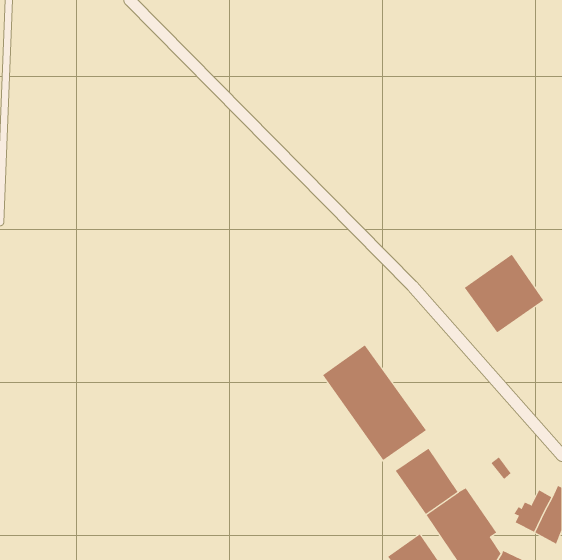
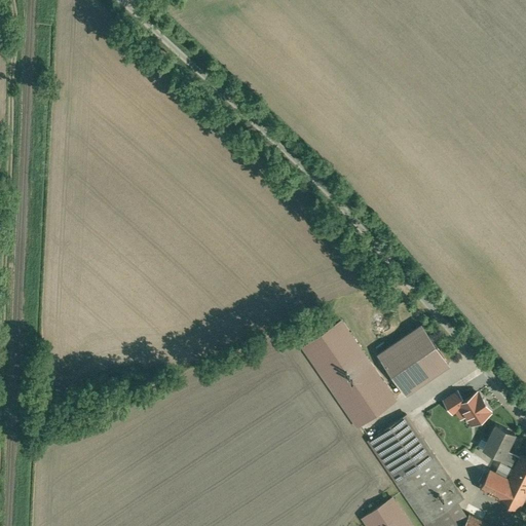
building: [464,254,544,333] -> [371,322,446,396]
building: none -> [446,390,497,427]
building: none -> [485,425,520,466]

